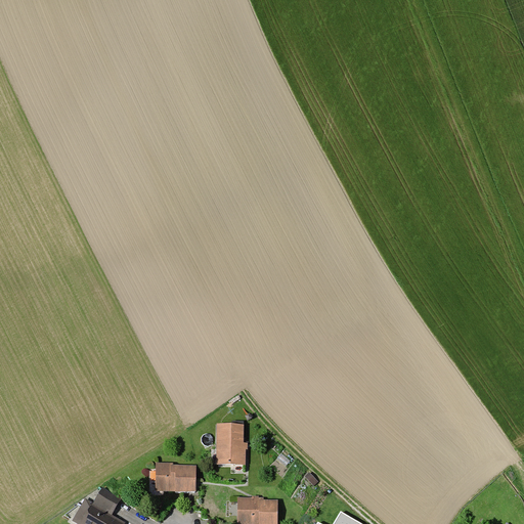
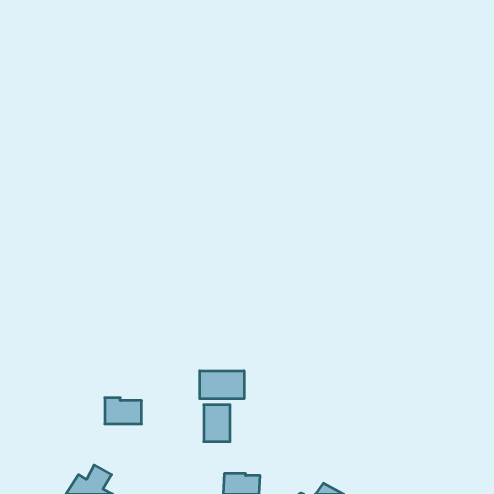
building: none -> [200,371,244,399]
building: [156,465,194,492] -> [105,398,142,424]

